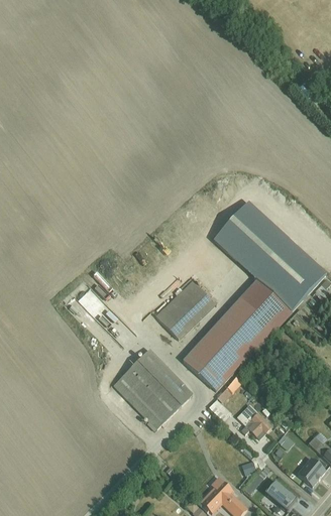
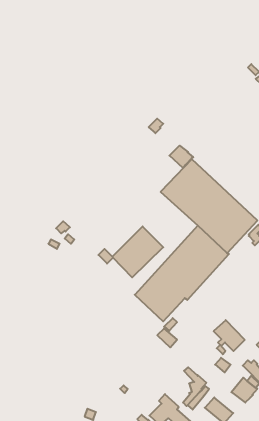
building: none -> [169,146,193,168]
building: [112,349,192,430] -> none
building: [235,403,271,439] -> [214,320,245,351]

